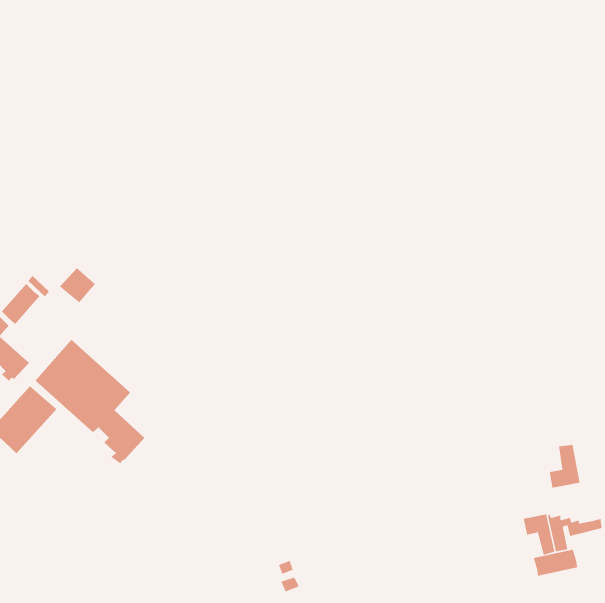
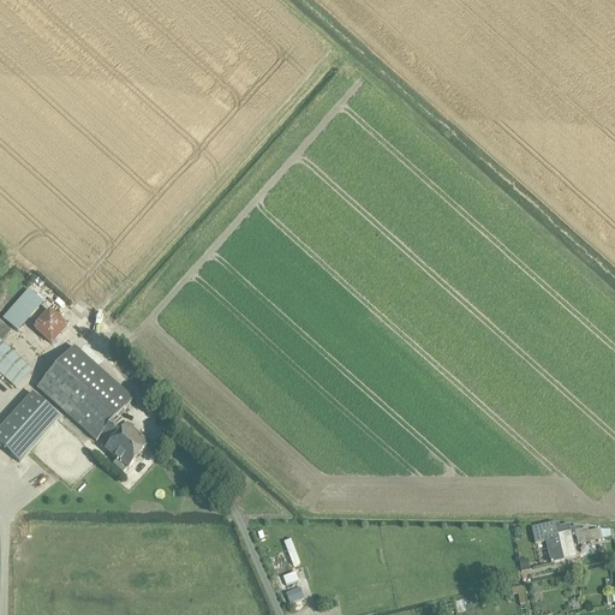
building: [59,267,96,303] -> [29,305,66,341]
building: [549,444,580,489] -> none
building: [533,549,578,577] -> none

